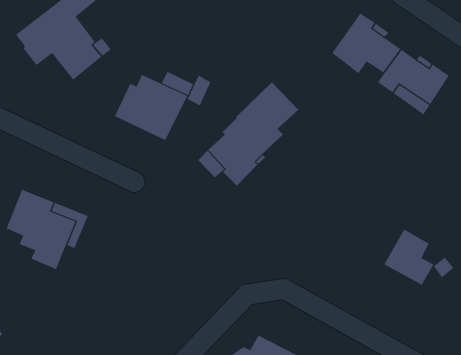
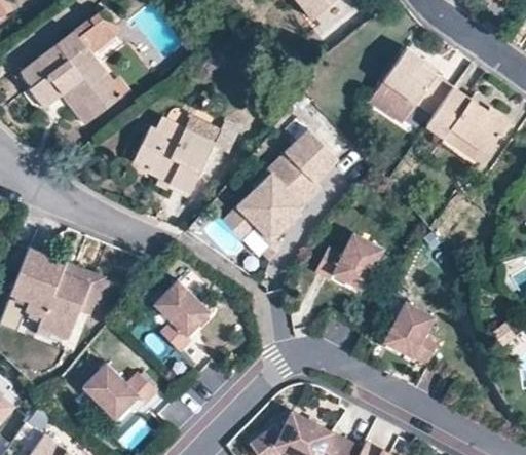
building: none -> [312,235,381,293]
building: none -> [154,278,211,350]
building: [384,229,434,285] -> [380,304,437,368]
building: none -> [81,362,154,418]

